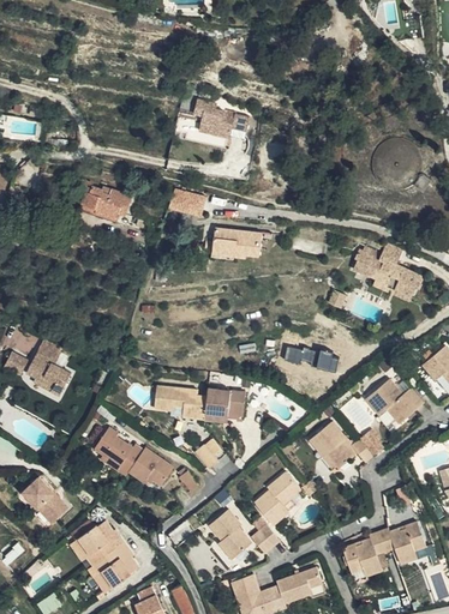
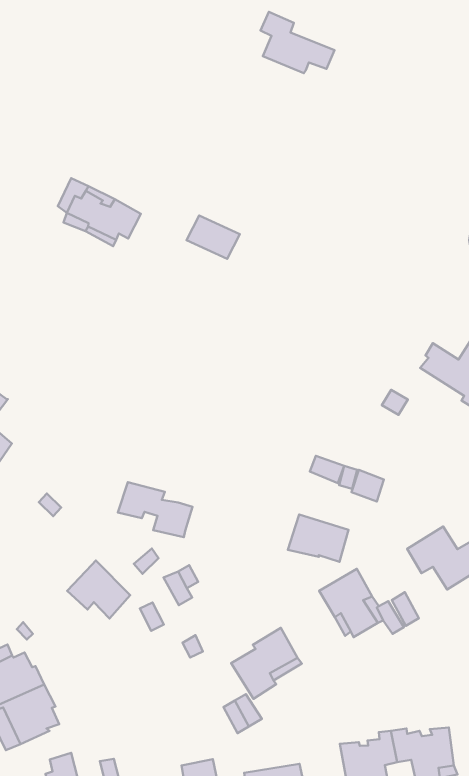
building: [193,100,249,139] -> [261,12,335,73]
building: [215,227,262,254] -> none
building: [204,389,245,417] -> [288,515,349,562]
building: [94,427,142,476] -> none
building: [208,510,251,560] -> none

